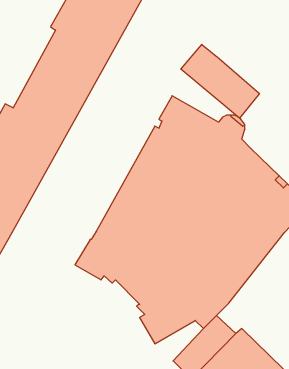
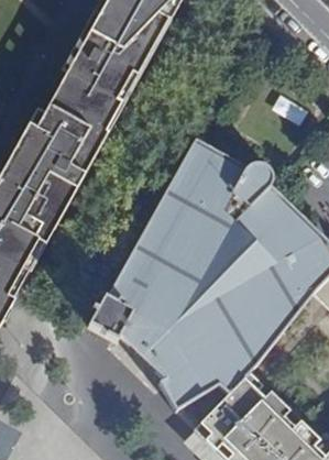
building: [181,44,259,118] -> none

